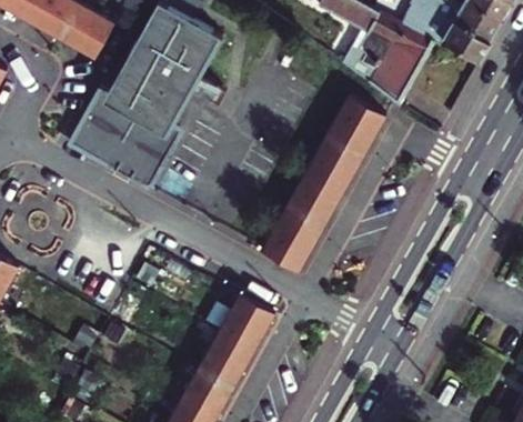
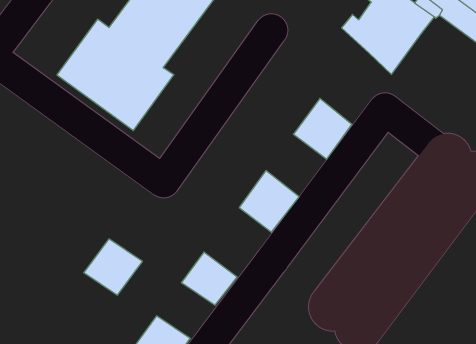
building: [328,97,384,155] -> none
building: [284,172,342,232] -> none
building: [197,330,252,383] -> [84,239,142,295]

